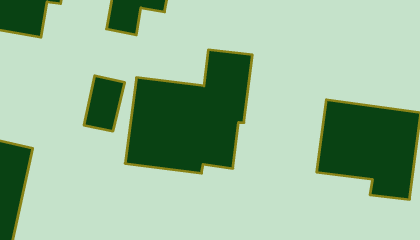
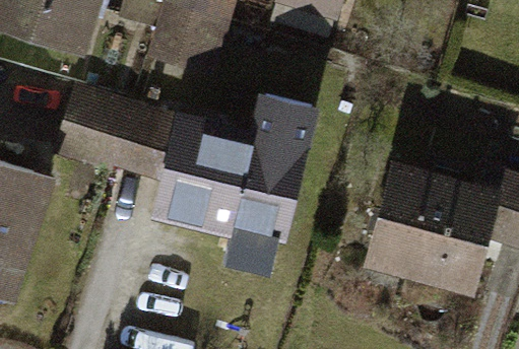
building: none -> [61,87,132,160]

